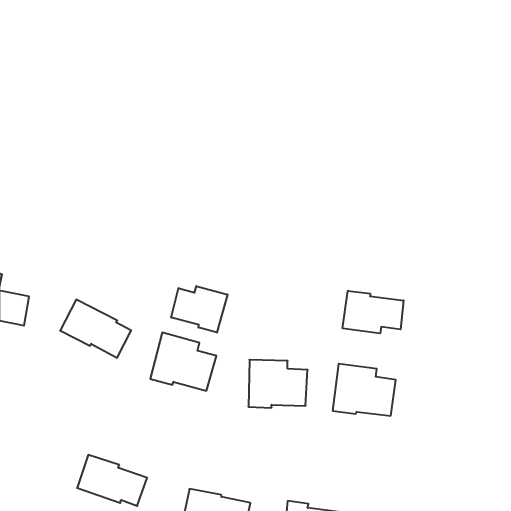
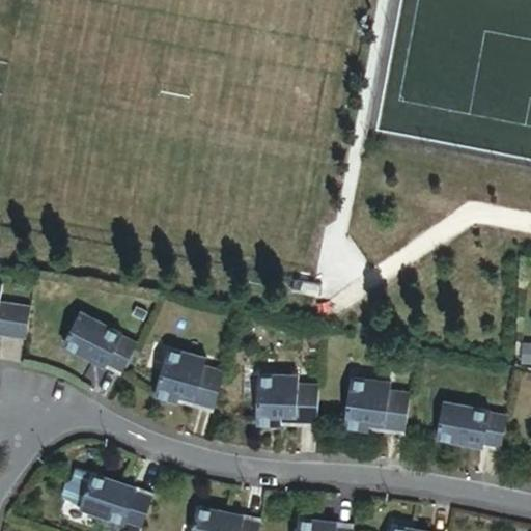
building: [171,286,228,333] -> none
building: [343,291,404,333] -> none
building: none -> [436,404,505,448]

